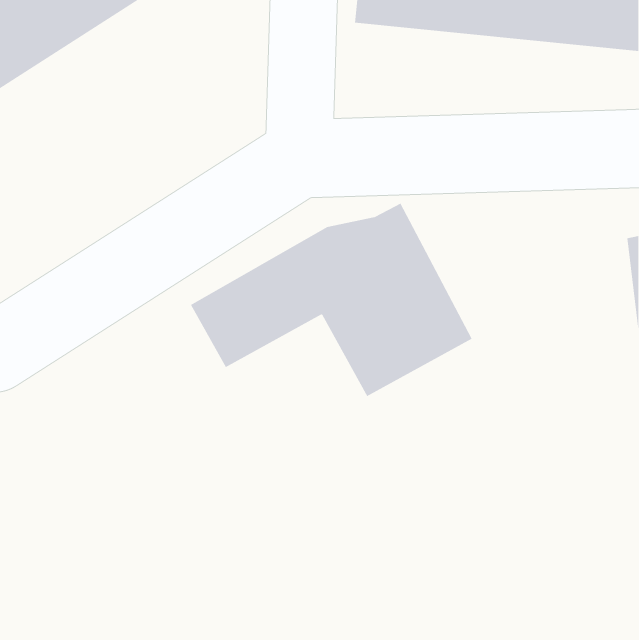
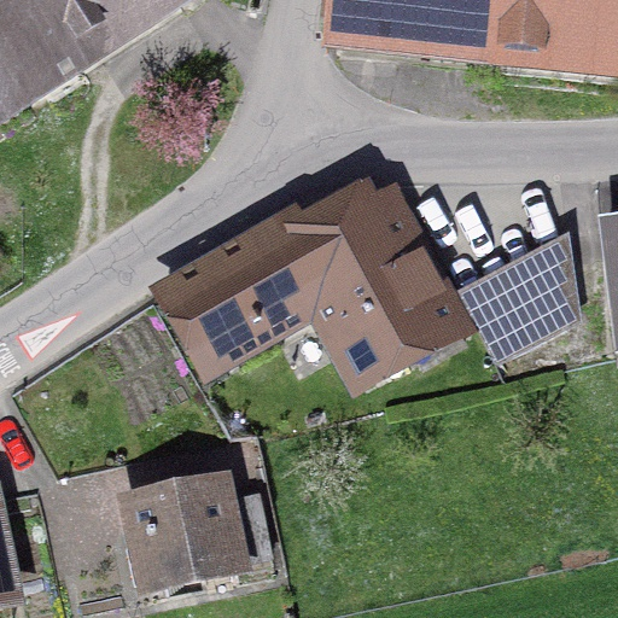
building: none -> [454,238,572,352]
building: none -> [128,488,267,585]

